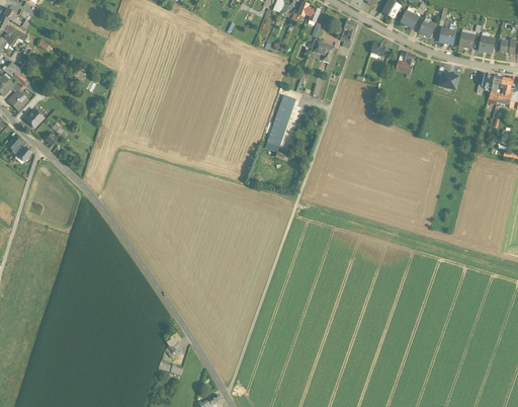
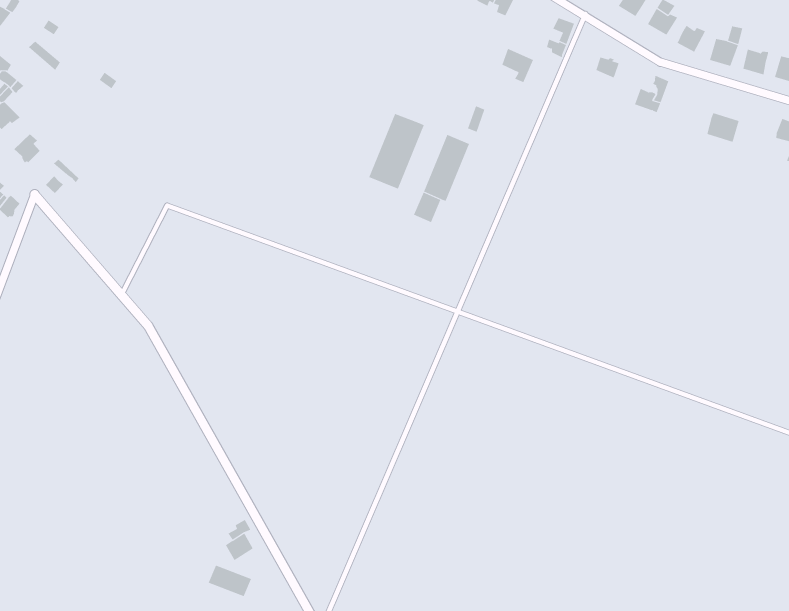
building: none -> [369,113,425,189]

